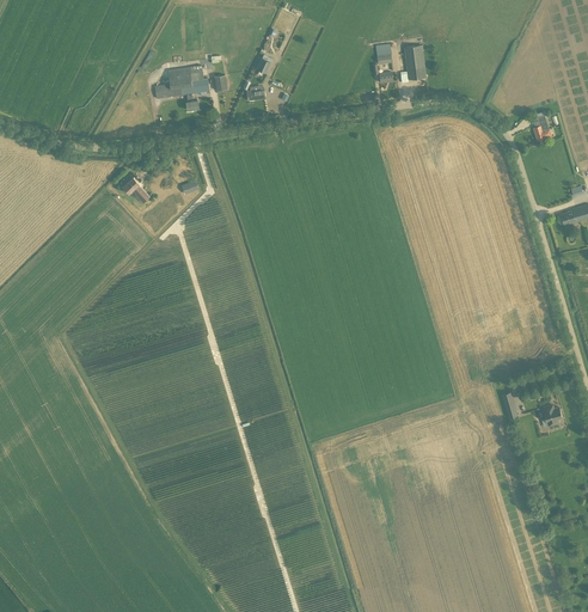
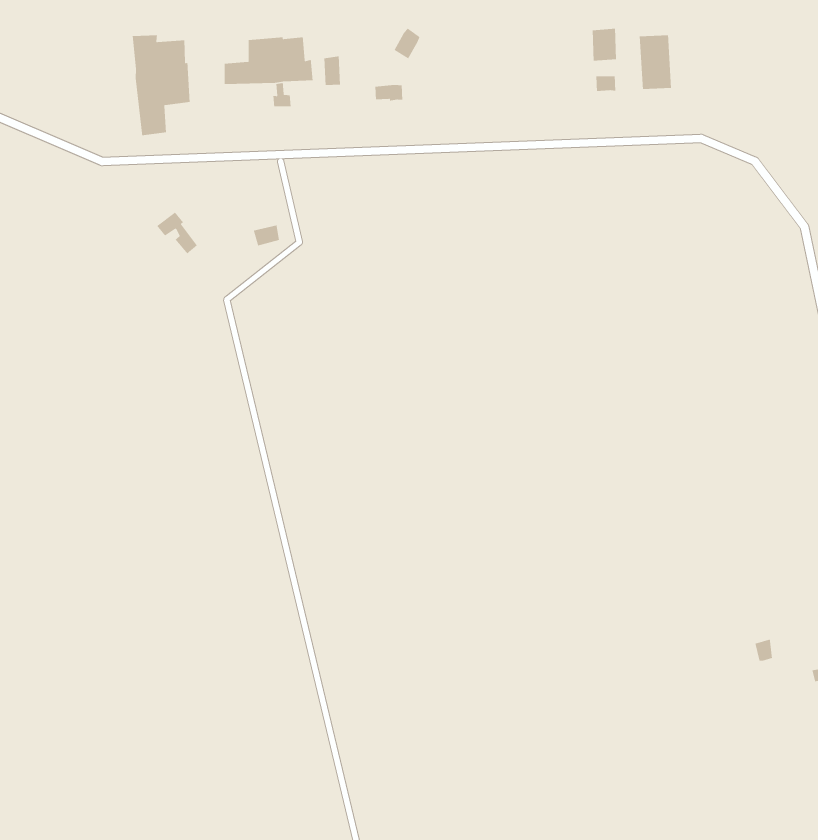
building: none -> [132,34,191,136]

